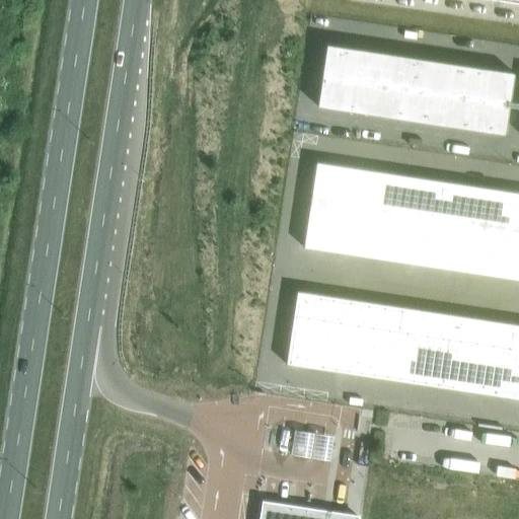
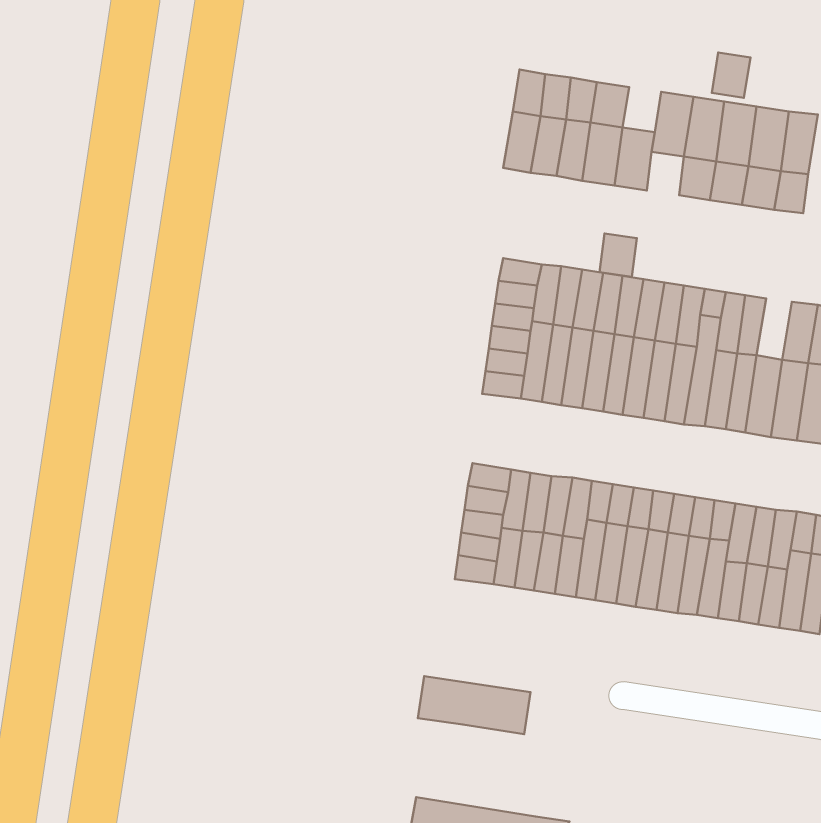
building: [393,56,418,84] -> [712,53,750,98]
building: [409,96,432,124] -> [600,233,637,277]
building: [477,189,500,227] -> none

